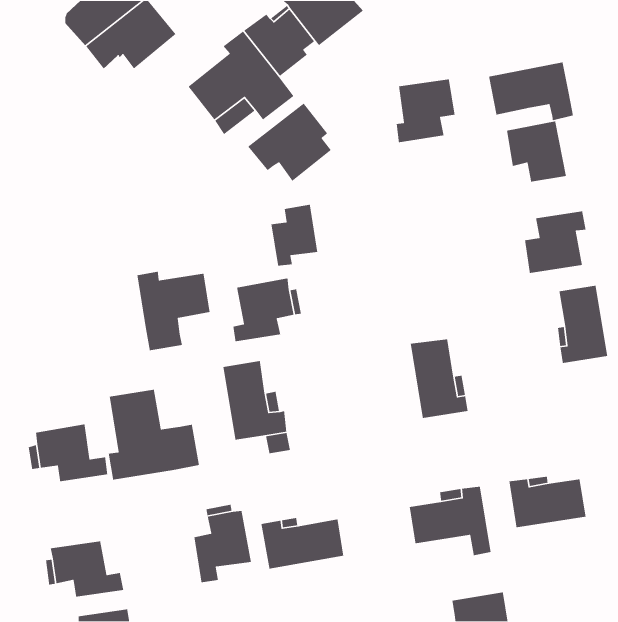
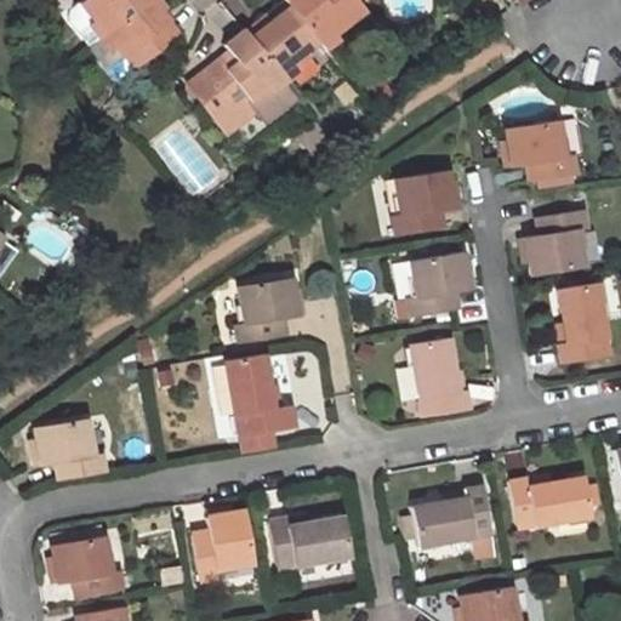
building: [488,62,574,121] -> none
building: [396,79,455,143] -> [397,171,456,235]
building: [247,102,332,182] -> none
building: [271,204,318,267] -> none
building: none -> [410,250,471,317]
building: [136,271,210,351] -> none
building: [108,389,200,480] -> none

